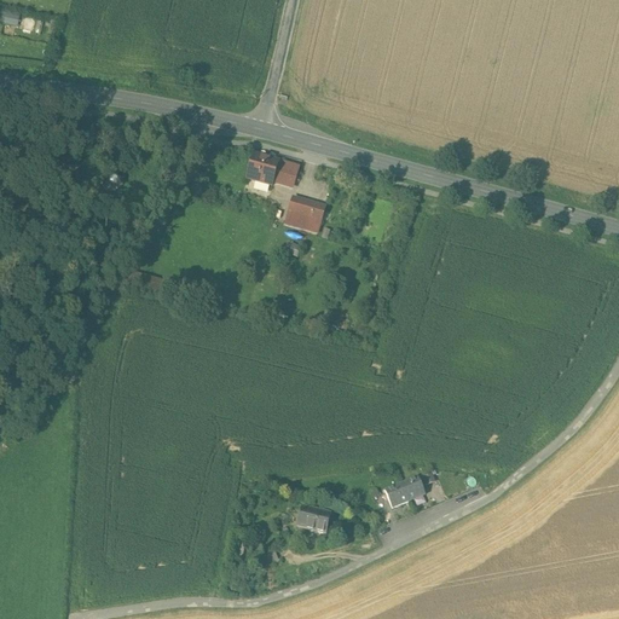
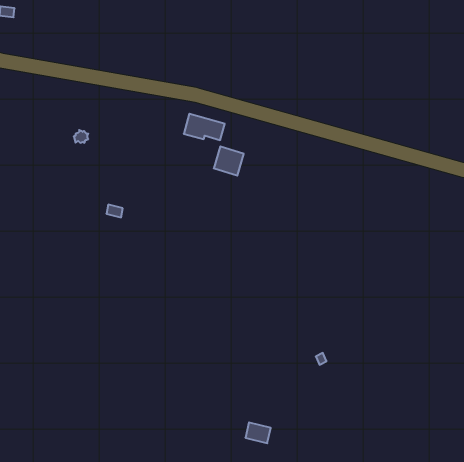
building: [384,476,424,505] -> none
building: [296,504,330,532] -> [245,422,271,443]

